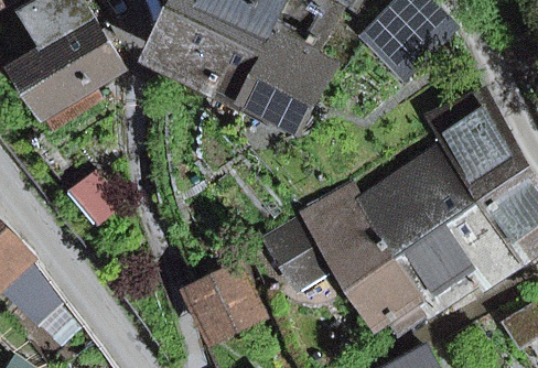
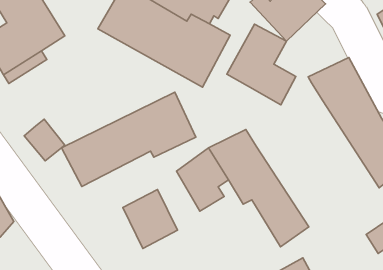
building: none -> [227,24,296,105]
building: none -> [62,92,196,187]
building: [363,150,519,310] -> none

